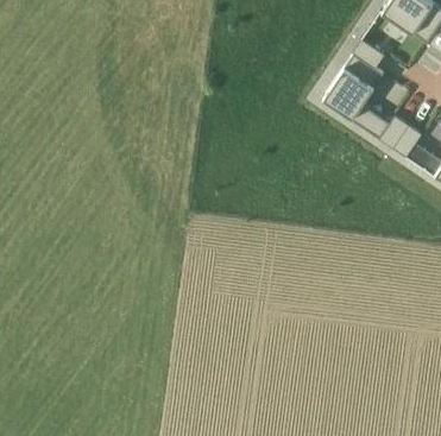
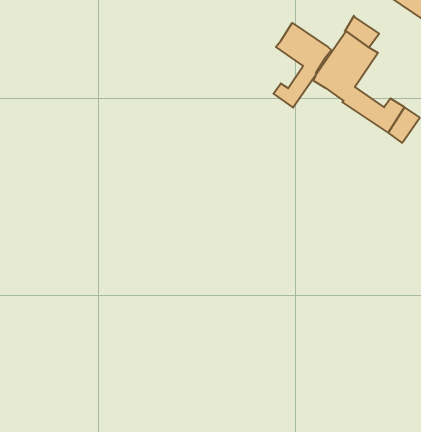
building: none -> [273,23,331,108]

